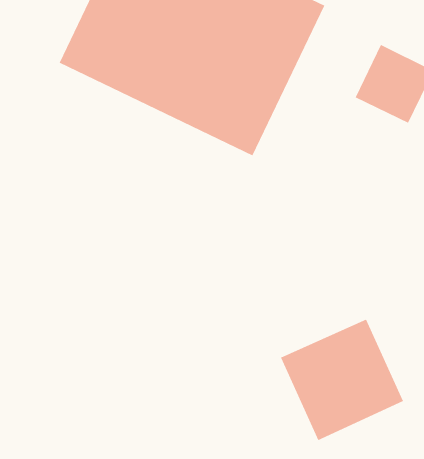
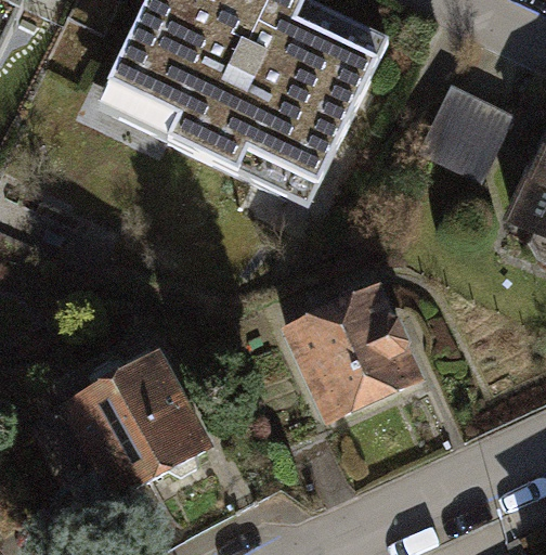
building: none -> [75,350,213,491]
building: [280,319,404,441] -> [290,287,426,421]

